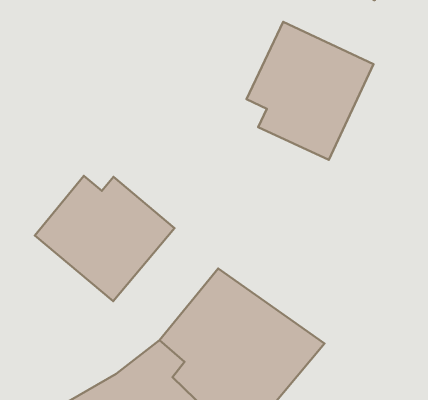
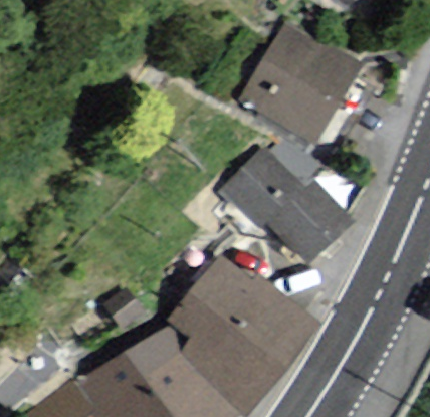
building: none -> [219,147,357,267]
building: [35,176,175,301] -> none

